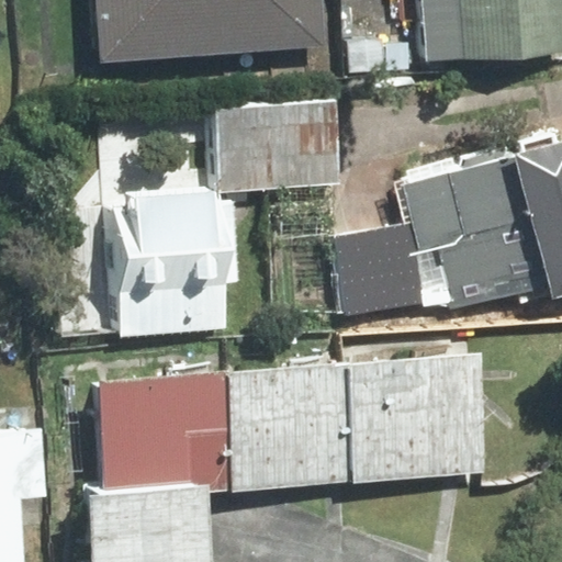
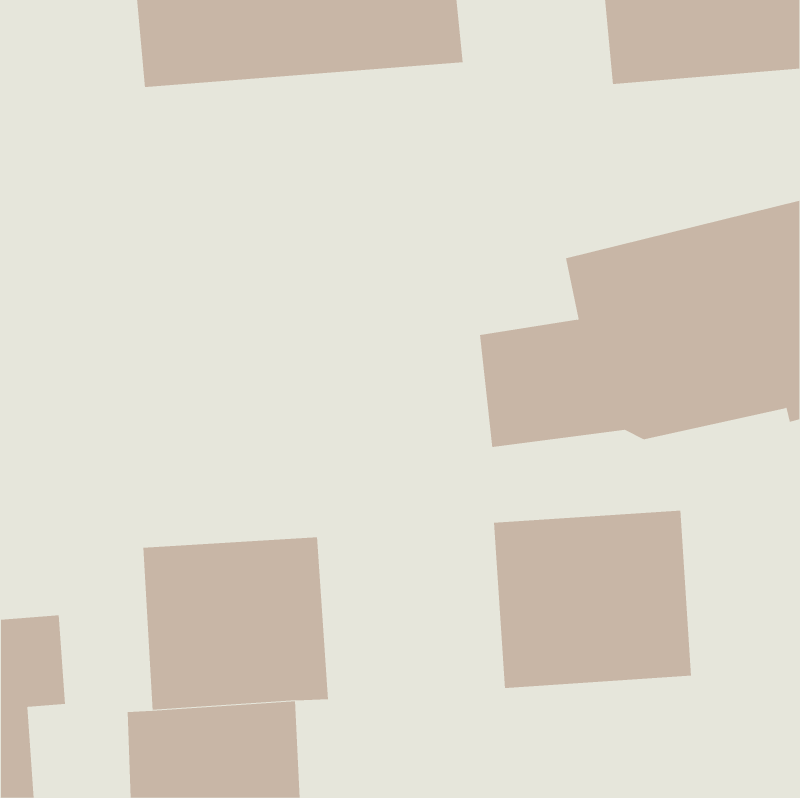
building: [215,101,336,189] -> none
building: [115,191,238,330] -> none
building: [223,367,353,491] -> none

